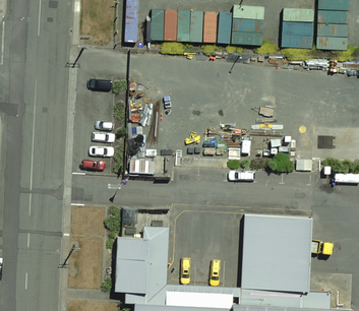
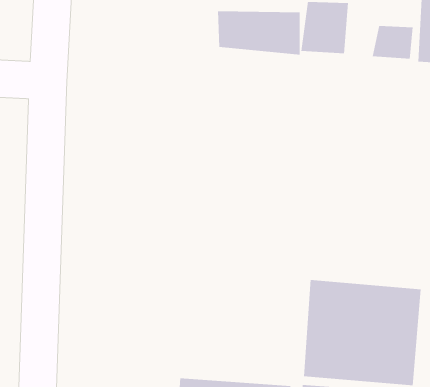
building: [116,224,160,285] -> none

